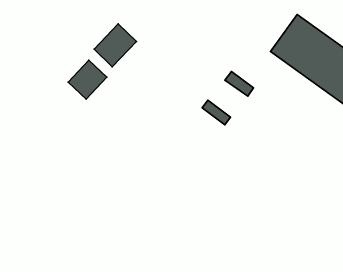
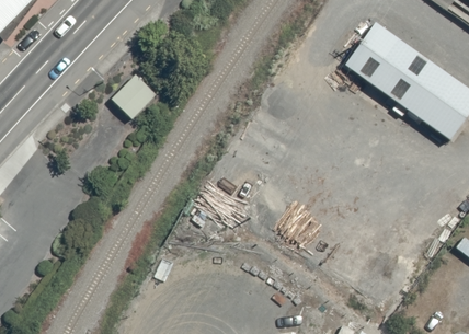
building: [94,24,136,67] -> none

